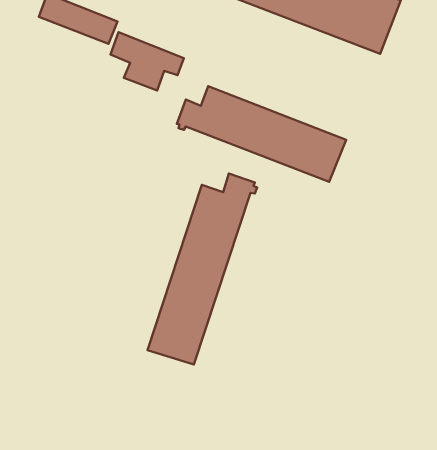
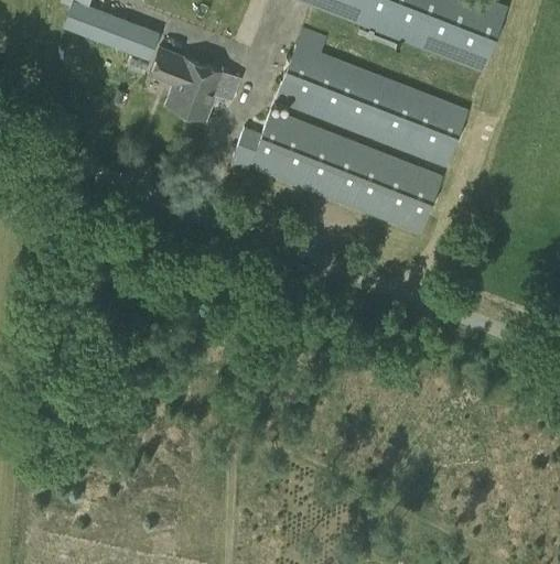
building: none -> [276,29,470,167]
building: [148,174,257,365] -> none

